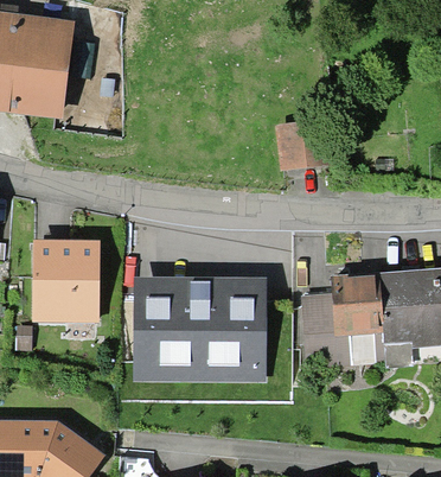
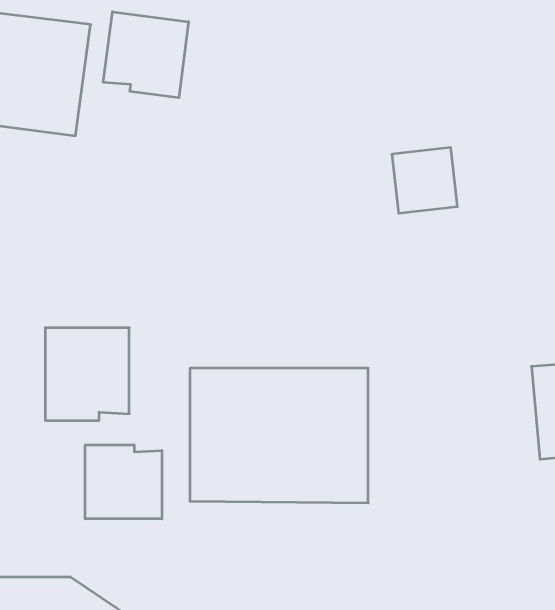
building: none -> [103,12,189,98]
building: [302,276,385,367] -> none
building: none -> [85,445,162,519]

